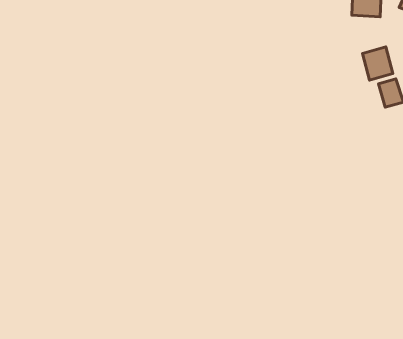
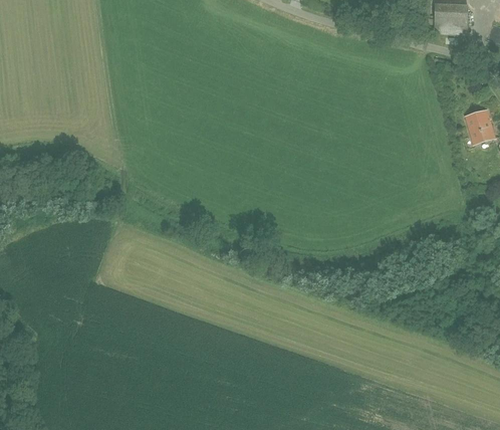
building: [363,47,393,80] -> none

